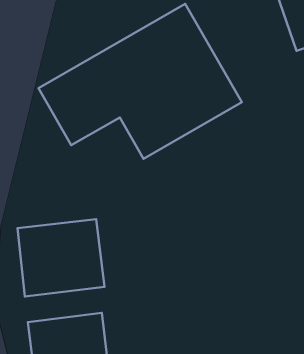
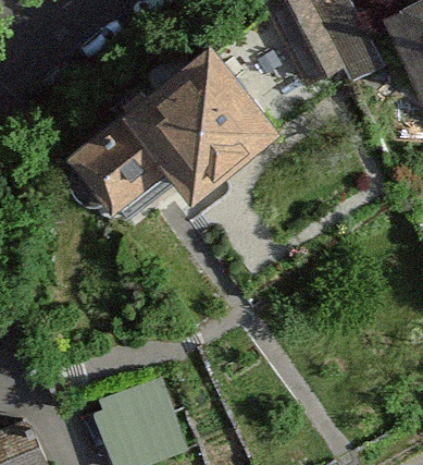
building: [18,219,104,296] -> none

